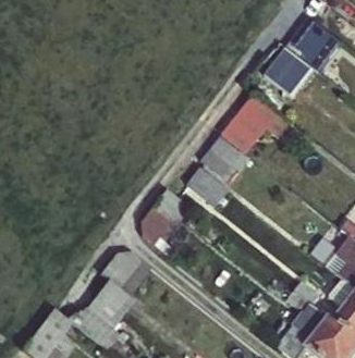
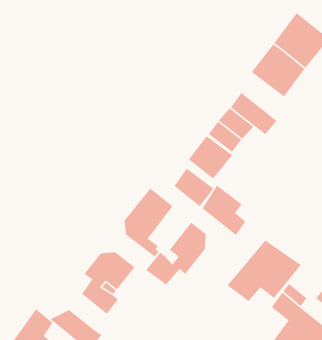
building: none -> [202,184,246,236]
building: none -> [145,221,206,286]
building: none -> [226,240,302,302]

